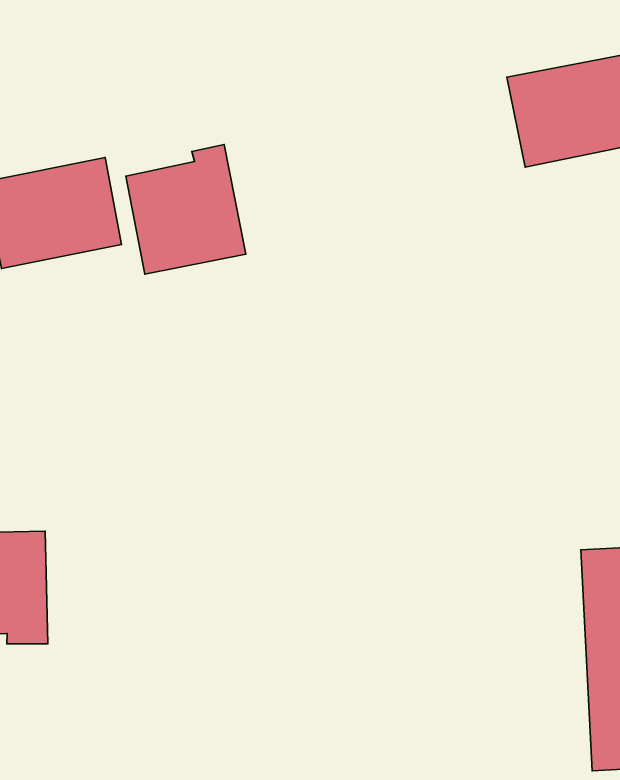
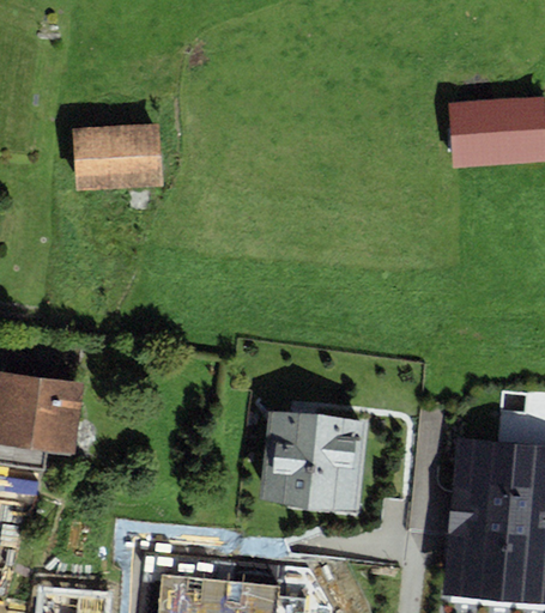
building: [126,145,246,274] -> none
building: none -> [261,411,367,512]

